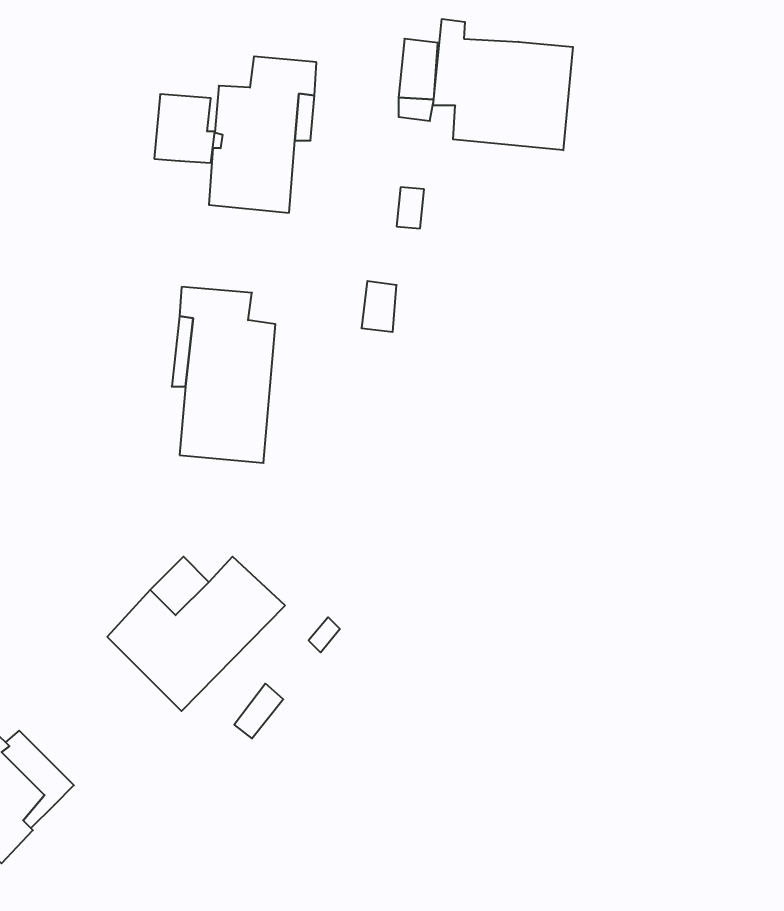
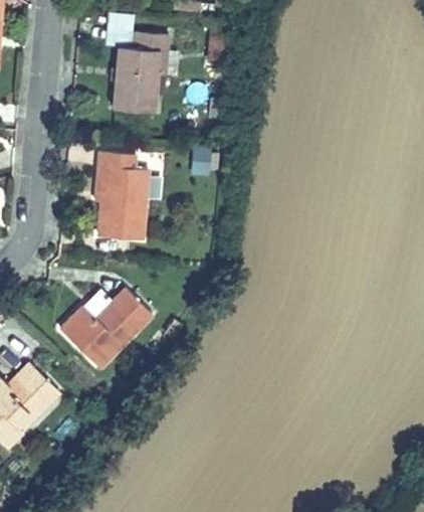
building: [433,19,573,150] -> none
building: [154,94,215,163] -> [104,12,136,47]
building: none -> [15,363,59,407]

